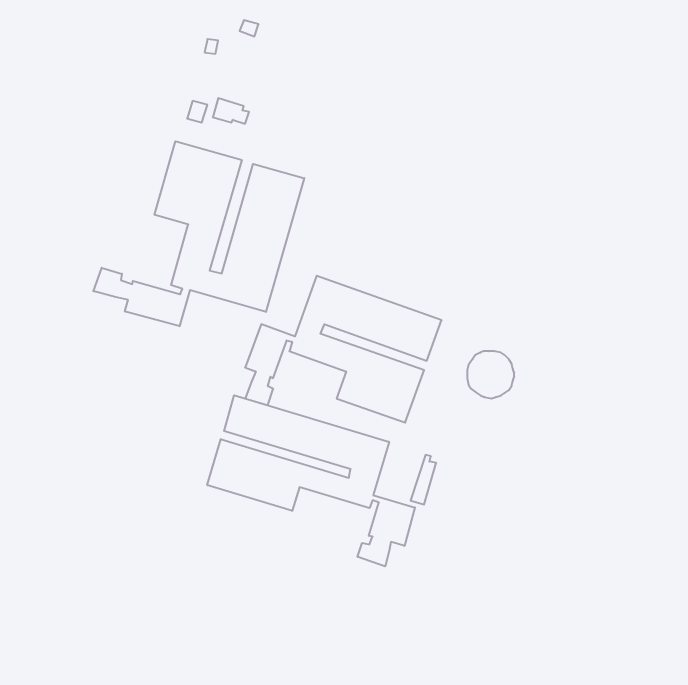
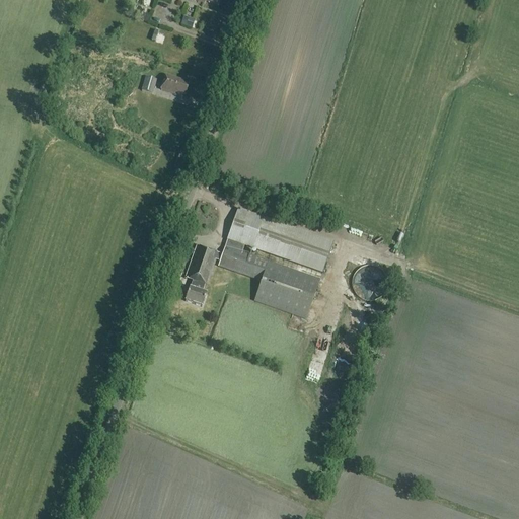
building: [93,141,304,326] -> none
building: [207,395,415,566] -> none

